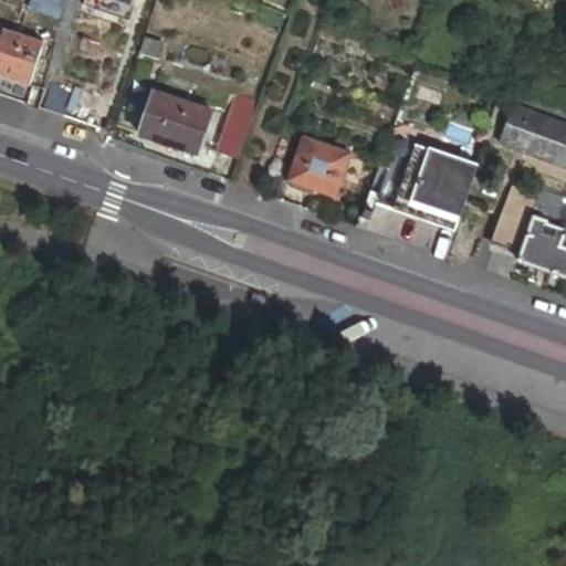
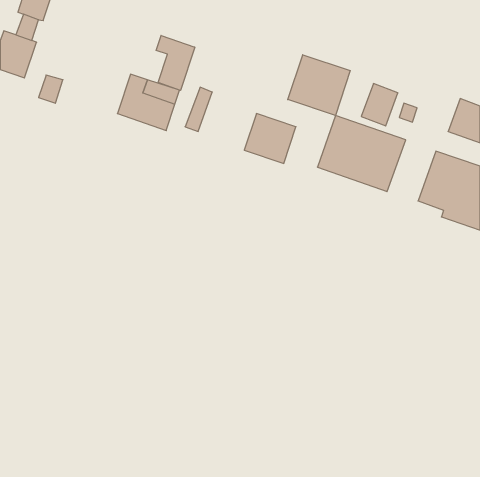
building: none -> [156,35,195,90]
building: none -> [288,55,350,115]
building: [499,105,542,155] -> [361,84,398,126]

